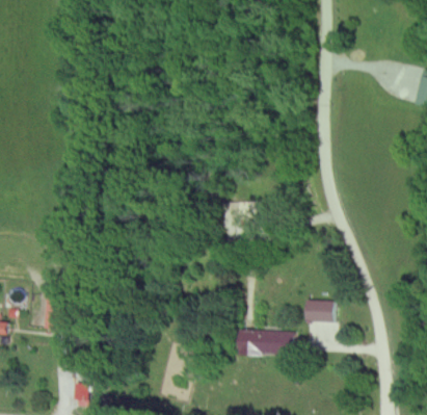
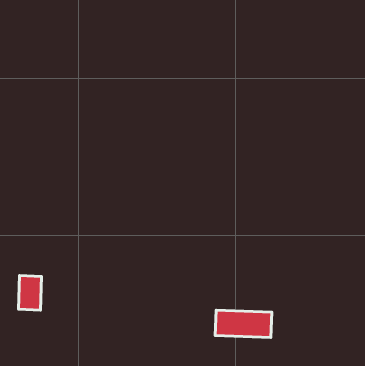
building: [303,300,332,322] -> none

